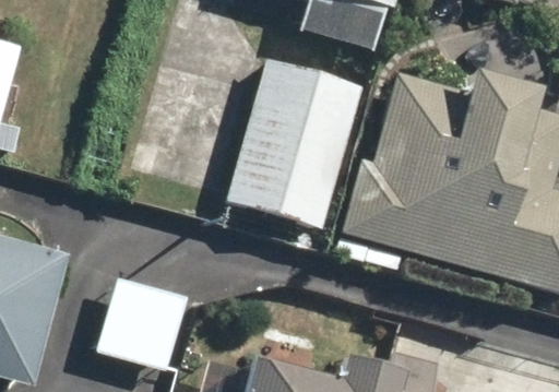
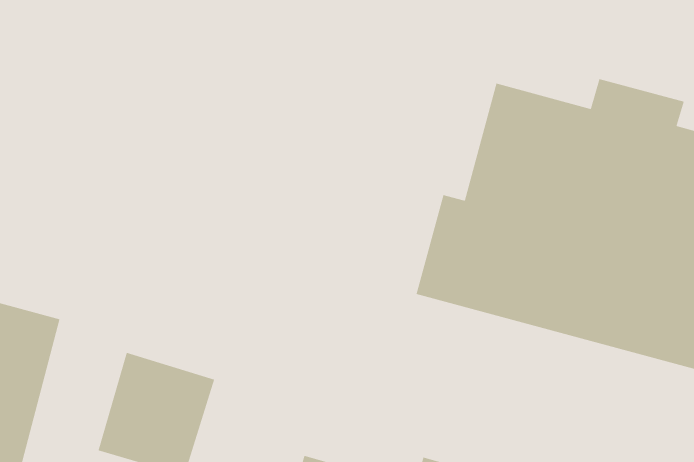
building: [226,59,364,227] -> none

